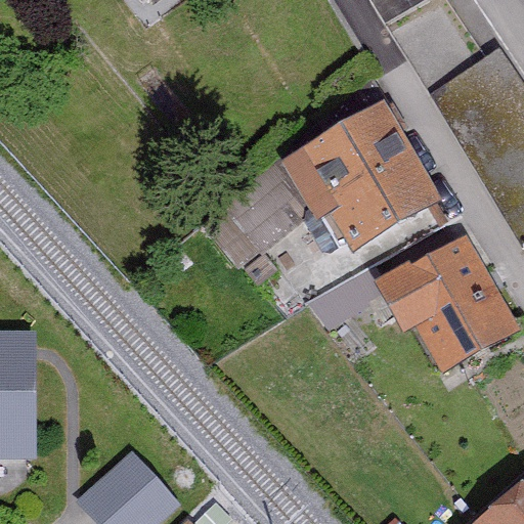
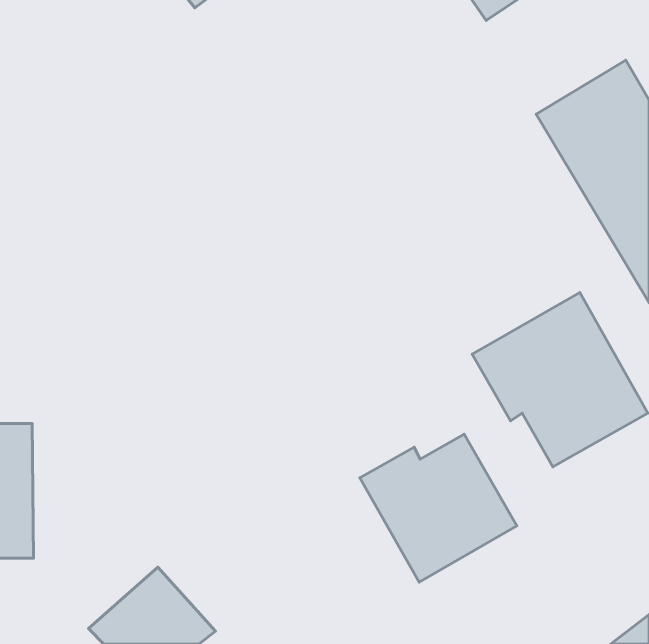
building: [282,98,447,251] -> none
building: none -> [360,434,517,582]

